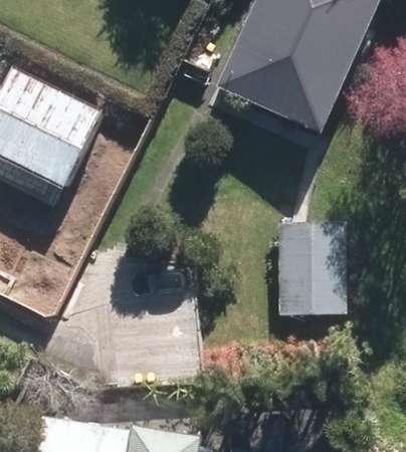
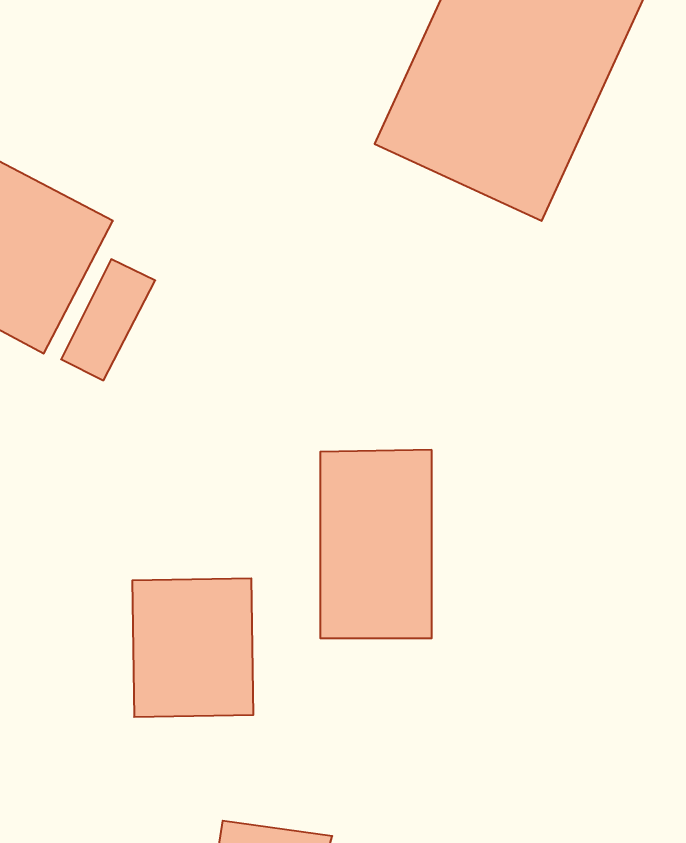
building: [285,228,344,326] -> [320,450,432,638]

